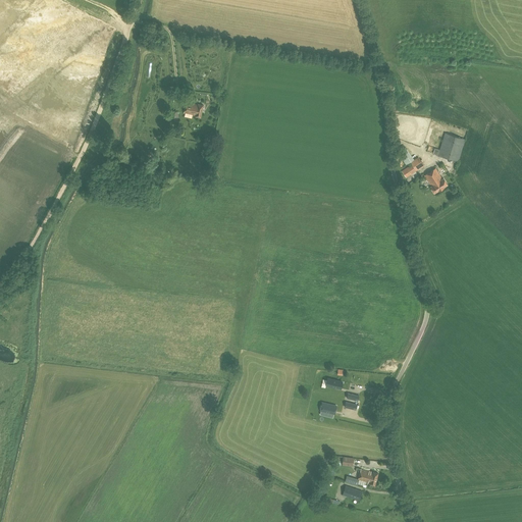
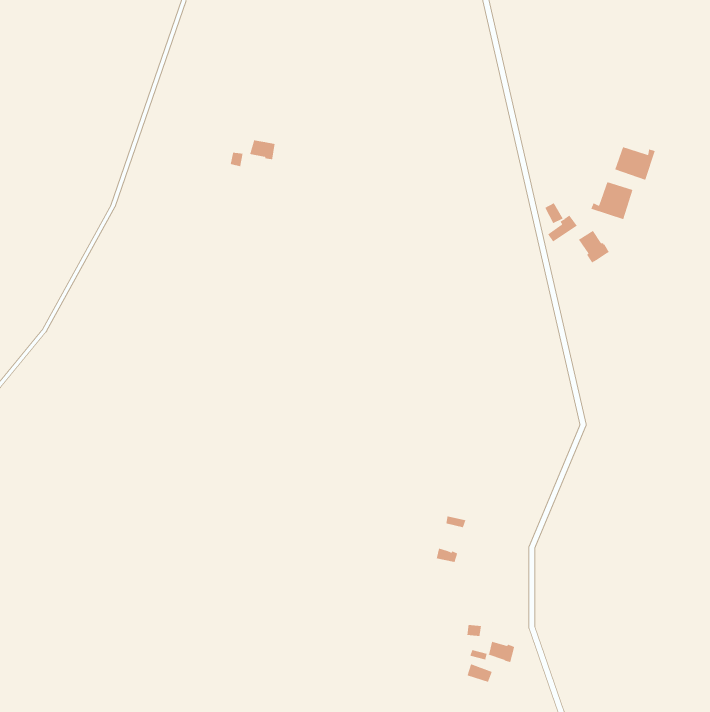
building: none -> [614,146,656,181]

